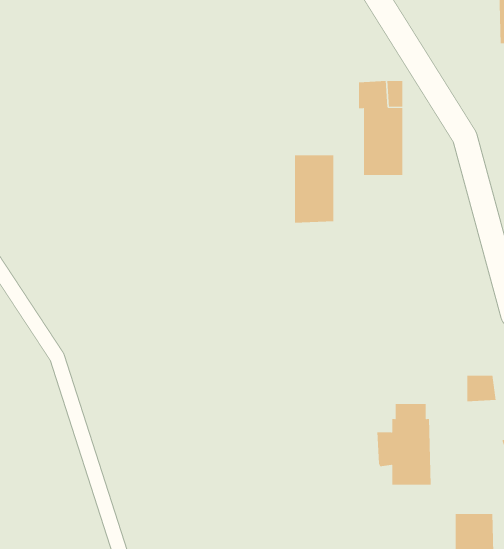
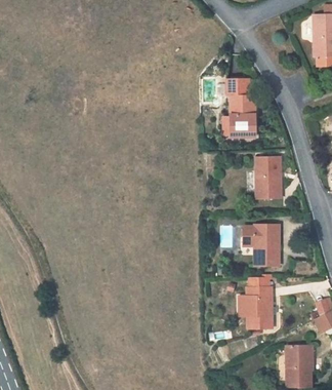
building: [294,155,334,223] -> [256,157,281,199]
building: none -> [243,225,280,266]

